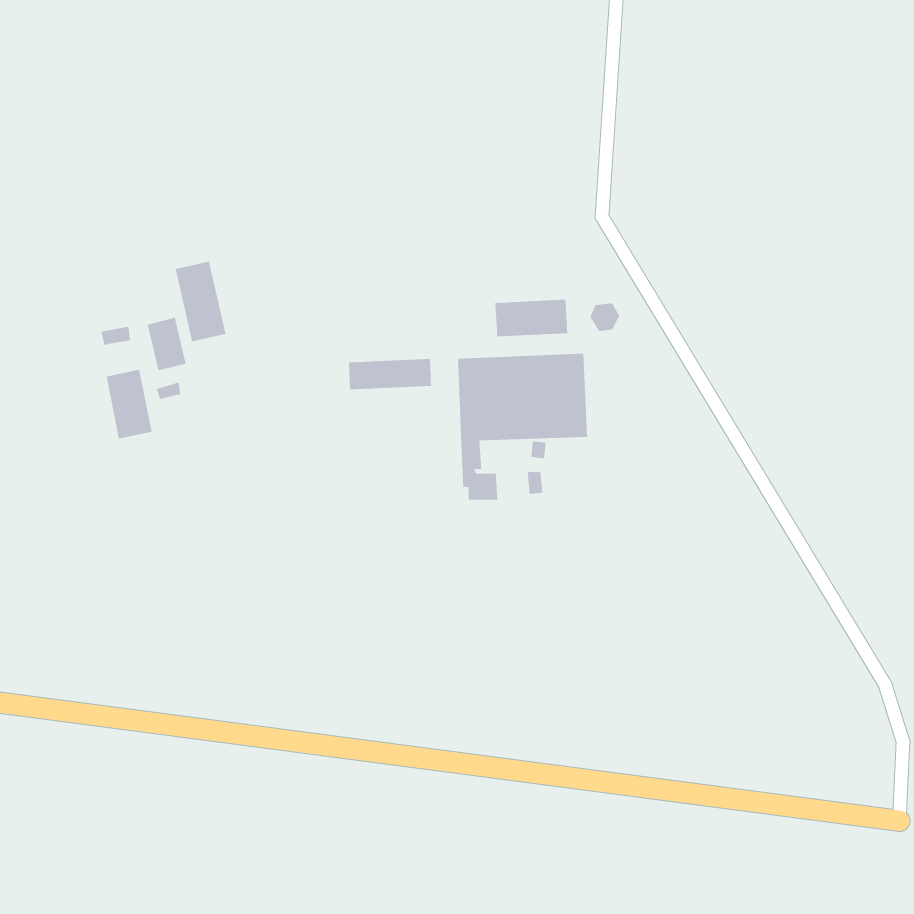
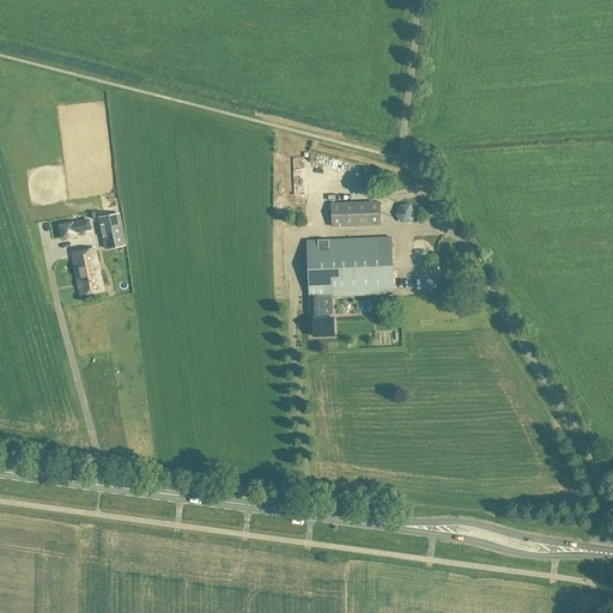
building: [175,261,226,342] -> none
building: [348,358,432,390] -> none

